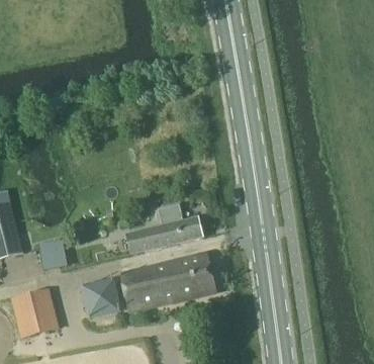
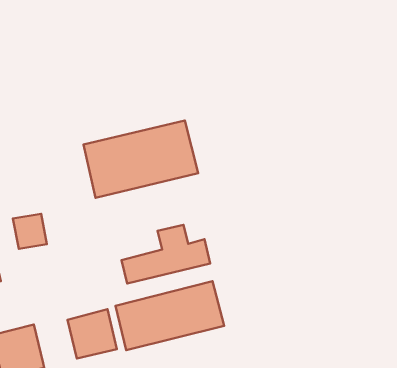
building: none -> [83,121,198,198]
building: [37,240,67,270] -> [13,214,47,249]

